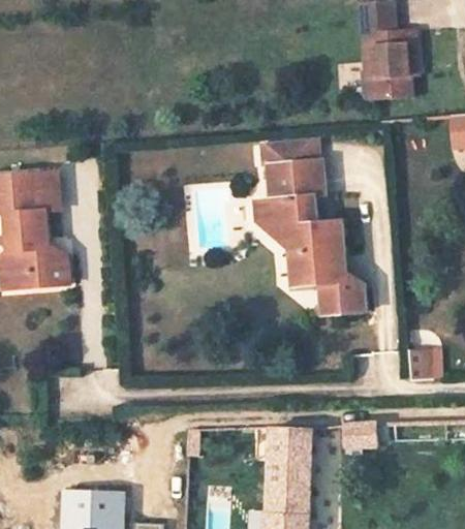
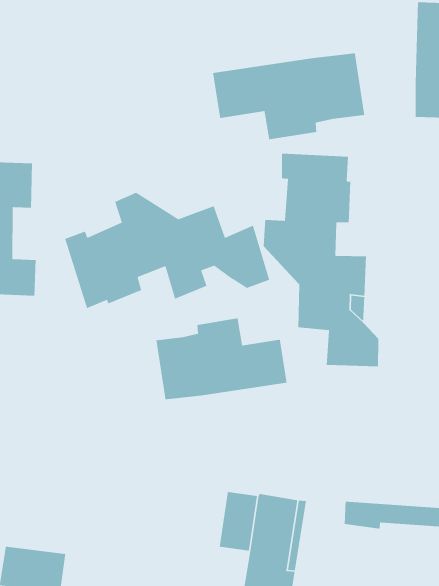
building: none -> [212,53,365,140]
building: none -> [64,192,270,309]
building: none -> [156,318,287,400]

